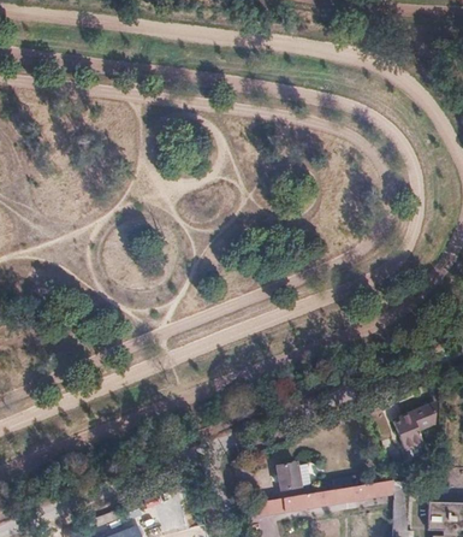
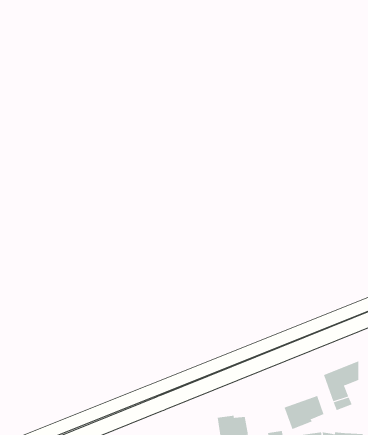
building: none -> [284,395,324,430]

